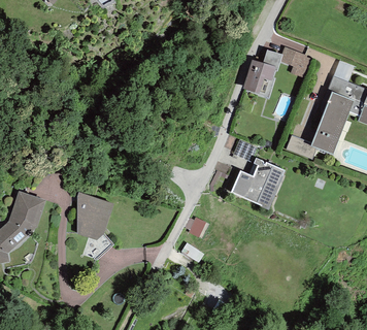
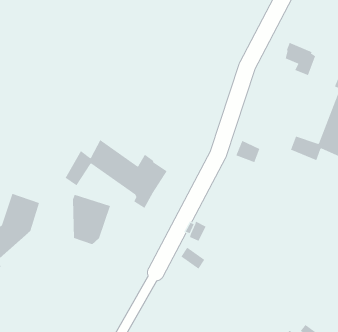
building: [242,50,282,97] -> none
building: none -> [65,139,167,209]
building: [230,158,285,209] -> none

